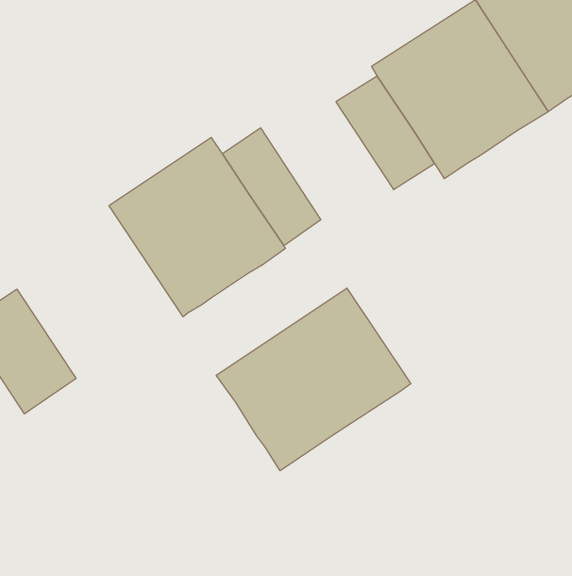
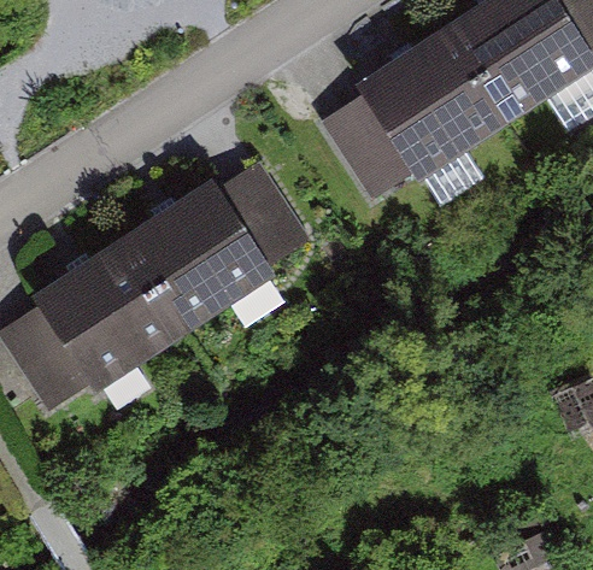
building: none -> [35,225,190,383]
building: [216,288,411,471] -> none

